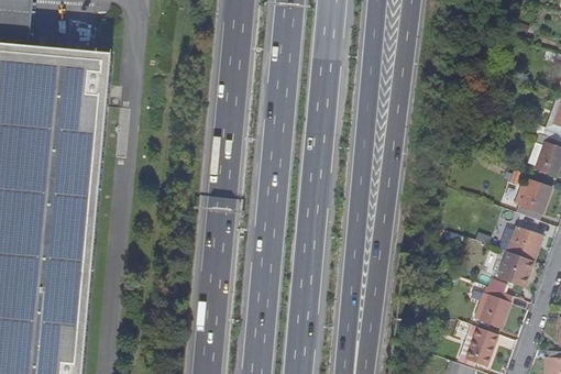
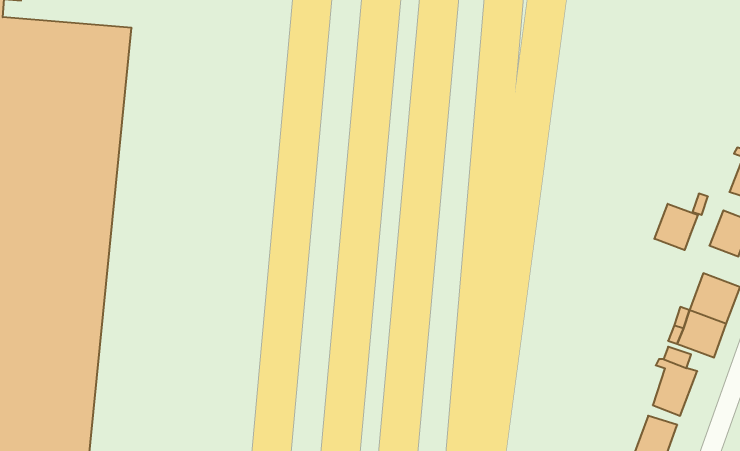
building: none -> [654,204,698,250]

